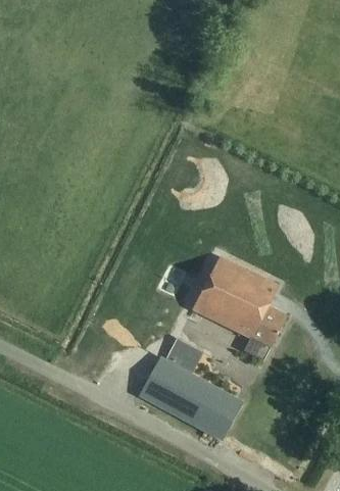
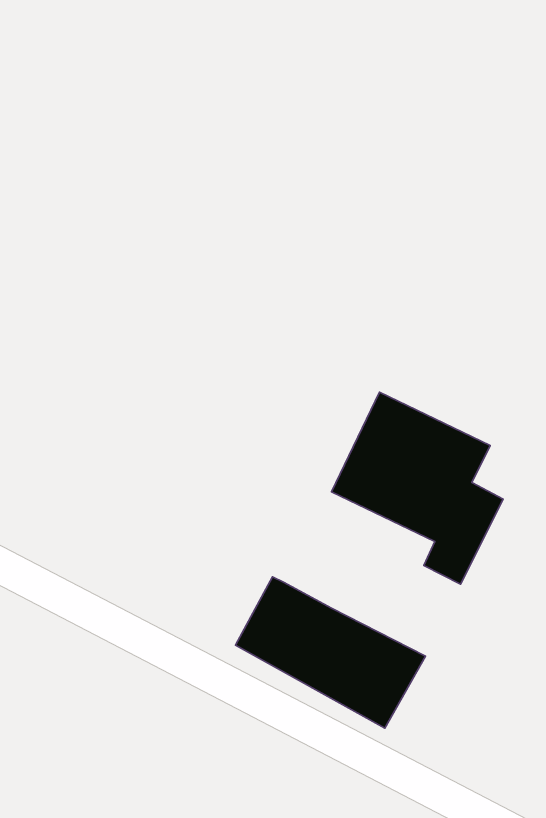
building: [164,339,201,374] -> none

